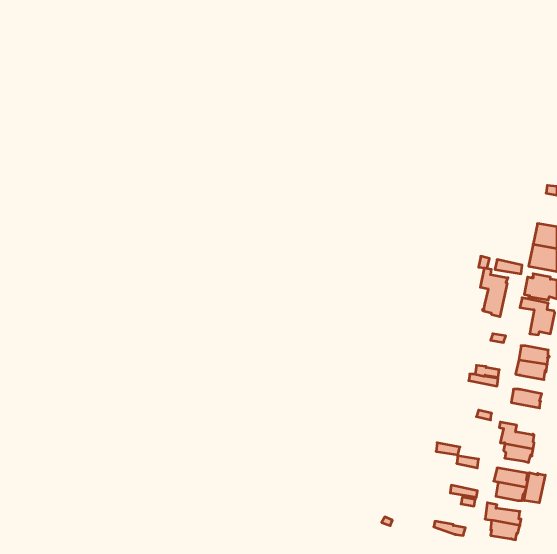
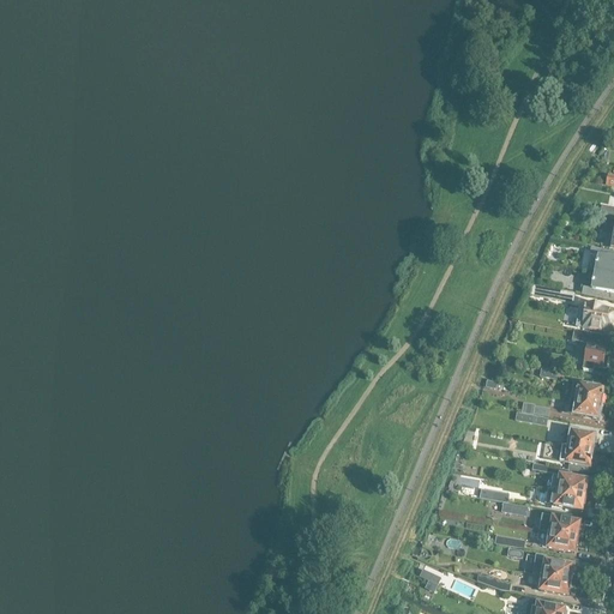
building: [480,268,508,317] -> none
building: none -> [559,443,594,464]
building: [524,473,545,503] -> none

